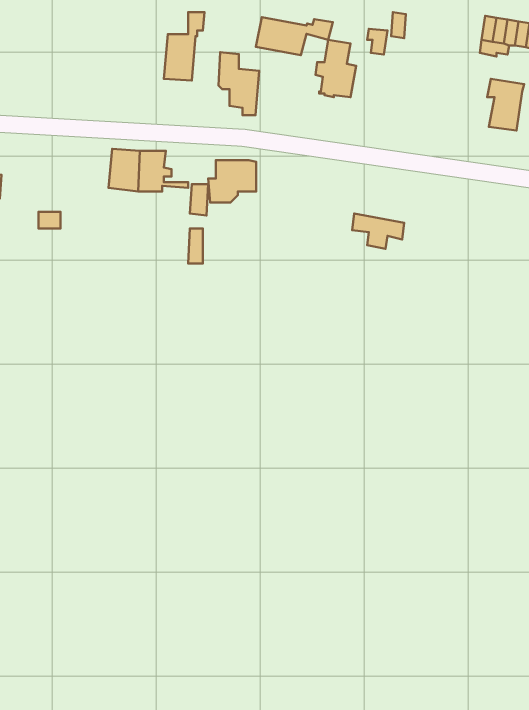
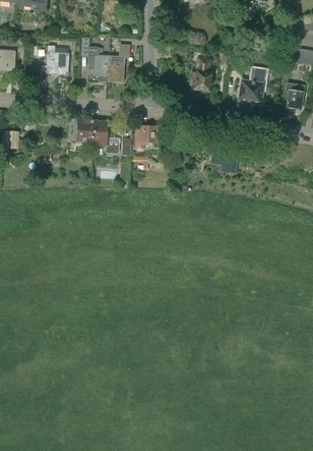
building: none -> [46,46,68,78]
building: [256,17,333,55] -> none
building: [218,52,259,115] -> [86,46,109,80]
building: none -> [239,67,267,103]

